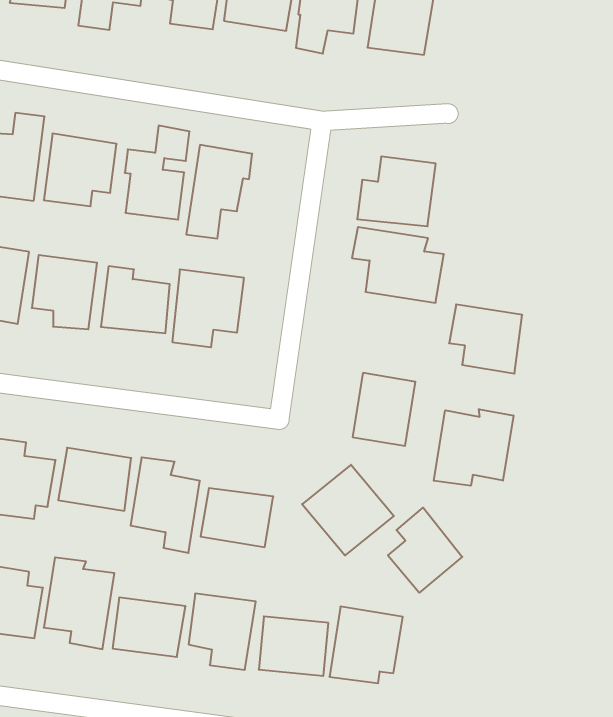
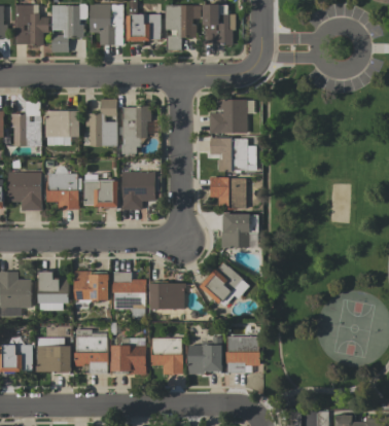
building: [449,304,522,374] -> [209,177,245,209]
building: [434,409,513,486] -> none
building: [388,508,462,593] -> none

